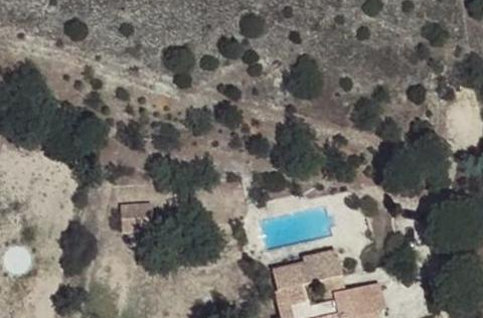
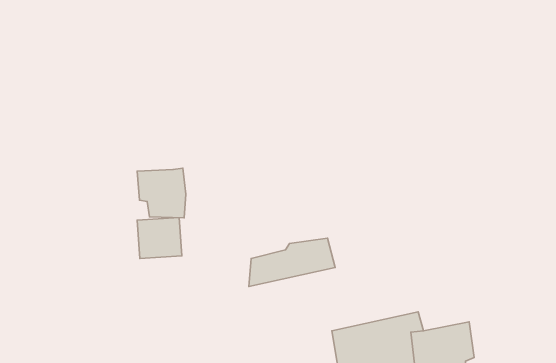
building: none -> [137,168,186,218]
building: [273,251,341,289] -> [249,238,335,287]

